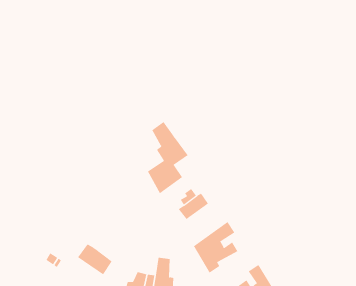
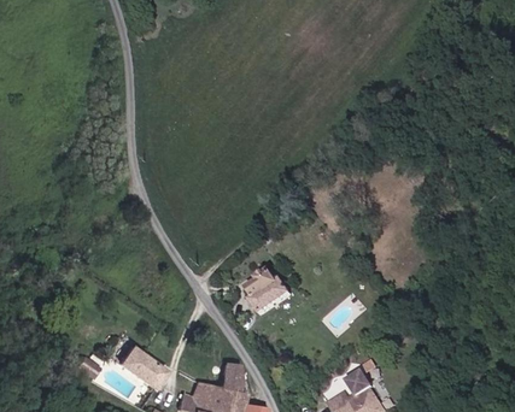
building: [147,121,188,194] -> none
building: [193,221,238,273] -> none

